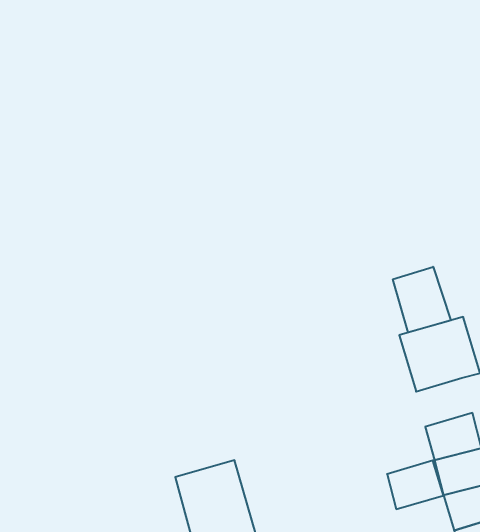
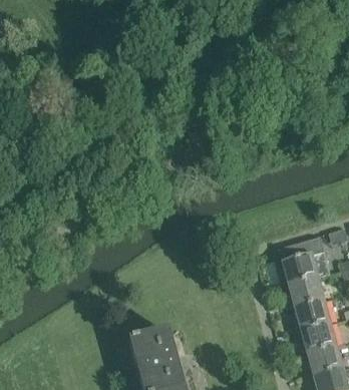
building: [393,267,451,332] -> none
building: [387,460,444,509] -> [289,277,326,309]

